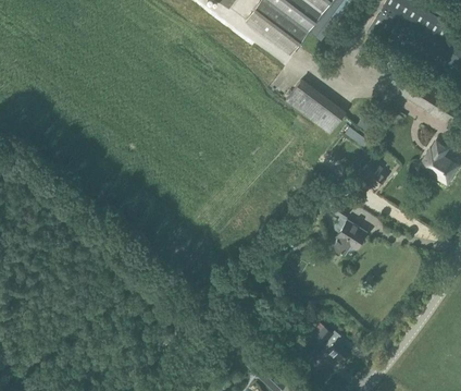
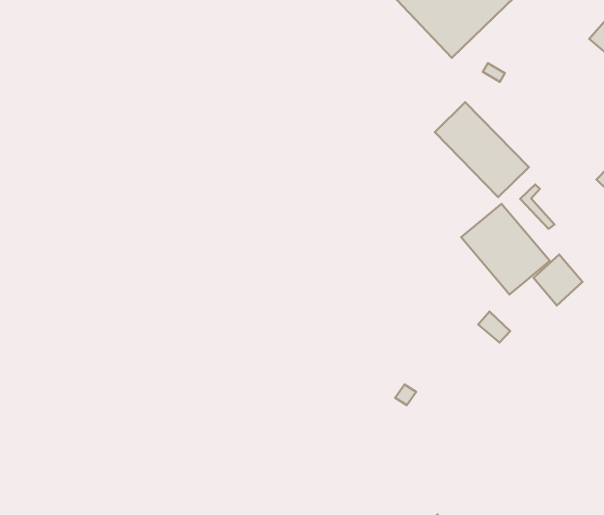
building: none -> [461,204,550,294]
building: [334,221,366,254] -> none

